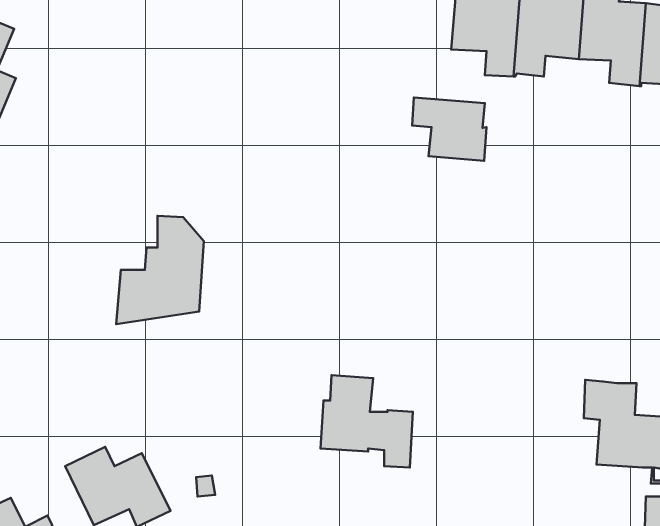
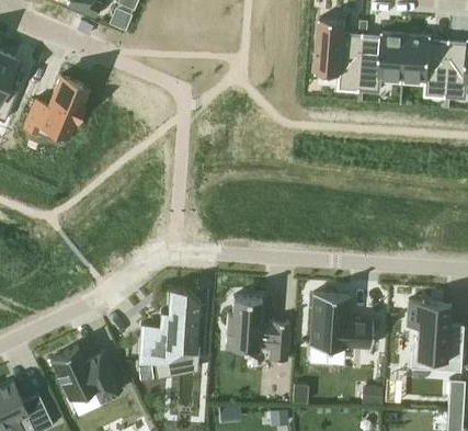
building: none -> [24,78,88,146]
building: [412,98,487,161] -> none
building: [116,216,204,324] -> [139,290,199,364]
building: none -> [311,295,374,350]

